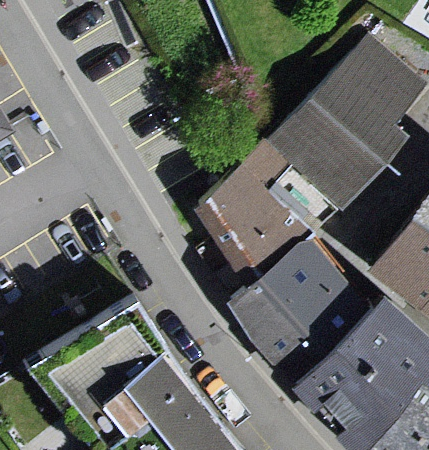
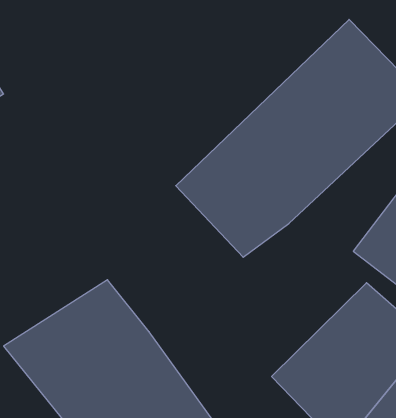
building: [231,241,364,372] -> none

